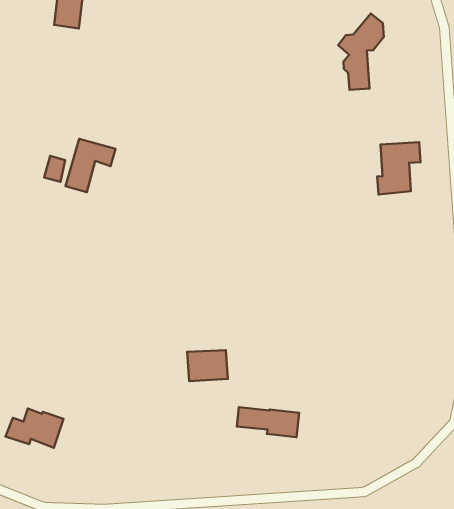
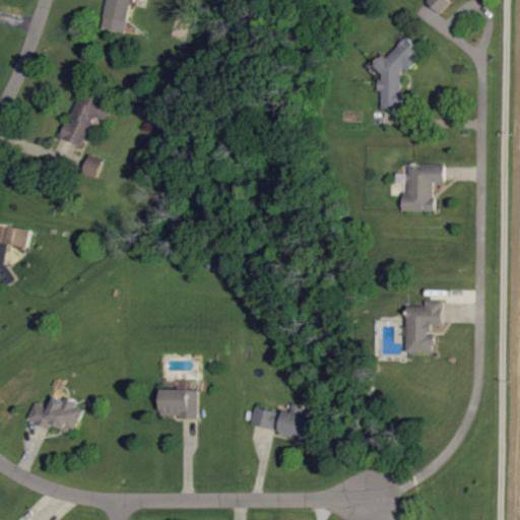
building: [65,139,116,192] -> [59,93,110,145]
building: none -> [404,301,441,353]
building: [187,350,228,381] -> [158,389,196,417]

